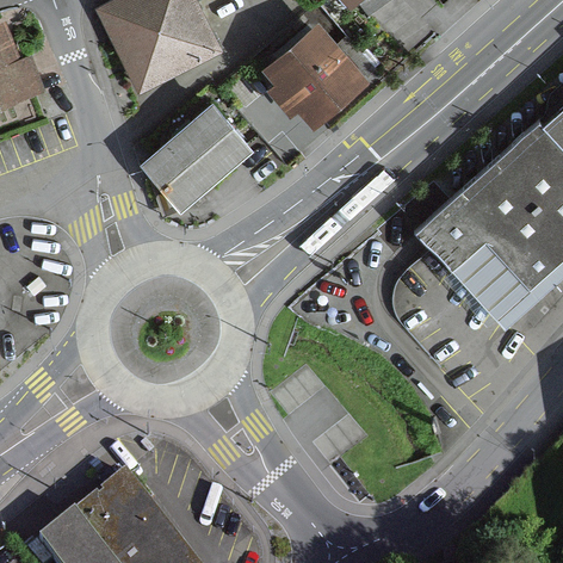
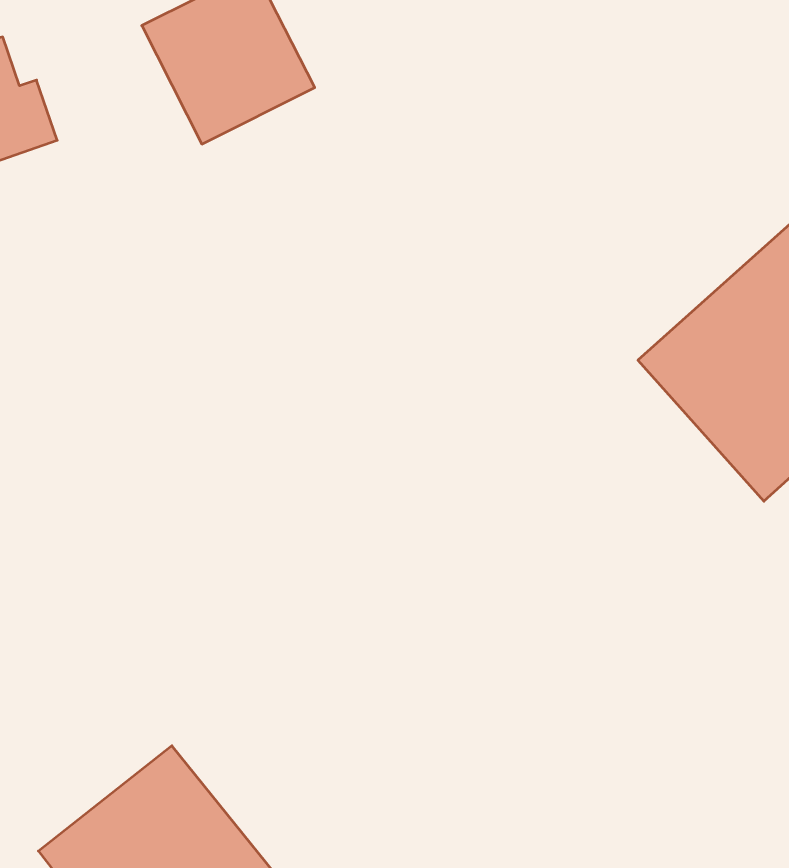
building: [267,16,372,122] -> none
building: [144,103,254,206] -> none

